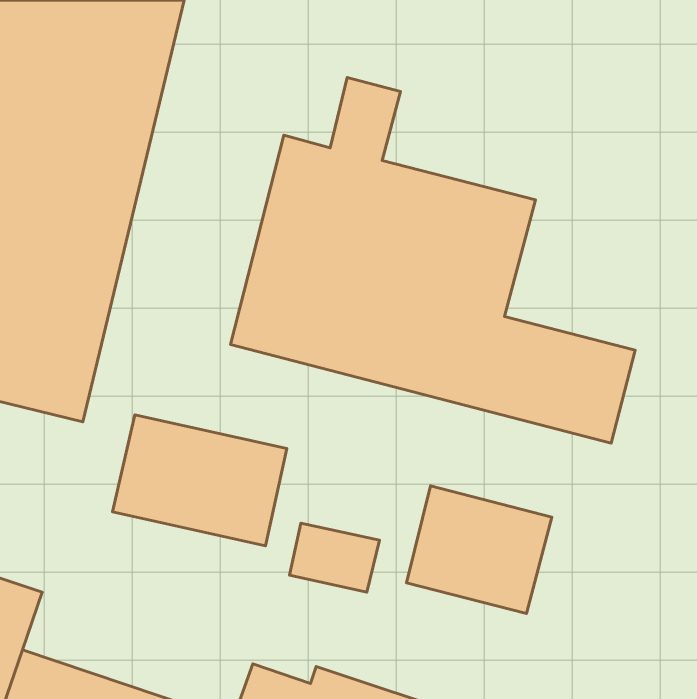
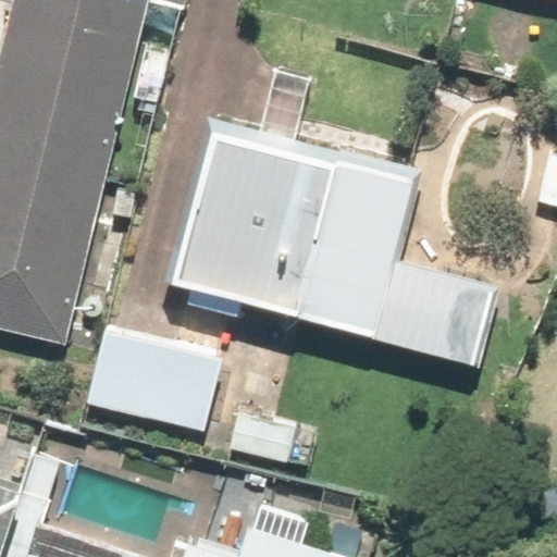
building: [407,486,552,613] -> none

